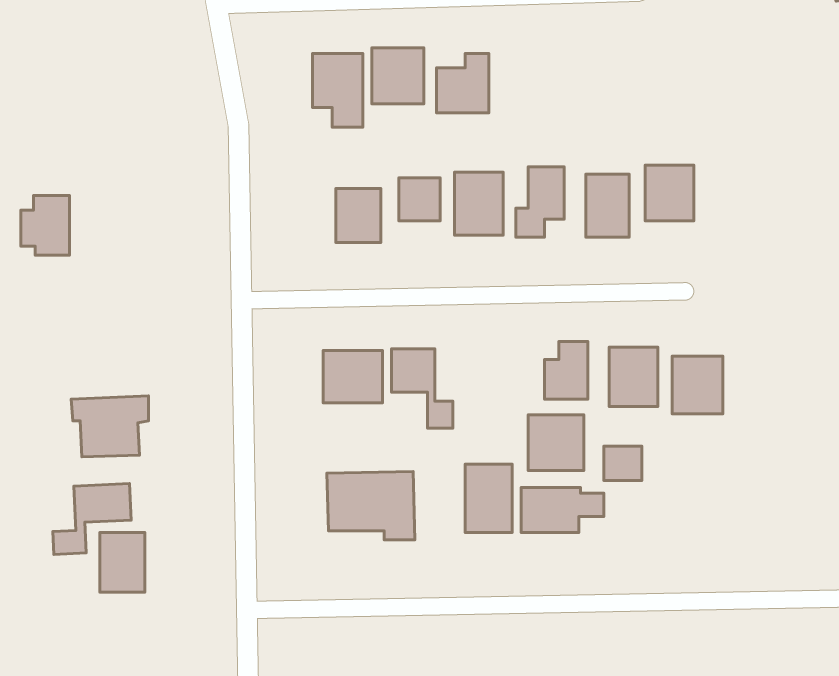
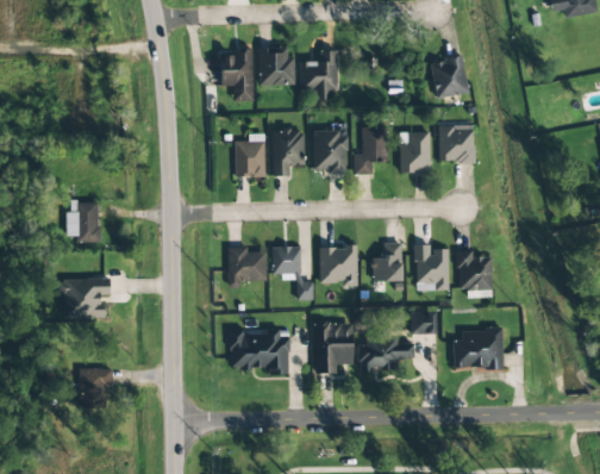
building: none -> [431,56,468,98]
building: [21,196,69,255] -> [68,201,100,241]
building: [528,415,584,471] -> [320,245,357,282]
building: none -> [454,328,502,368]
building: [53,483,131,554] -> none

